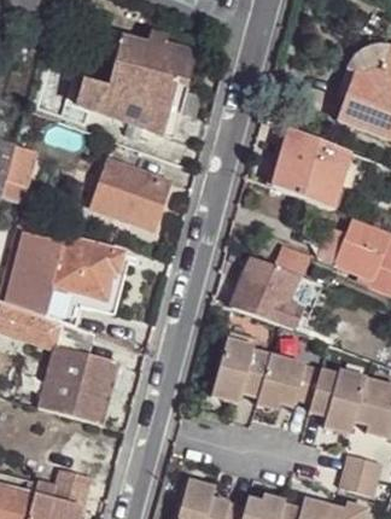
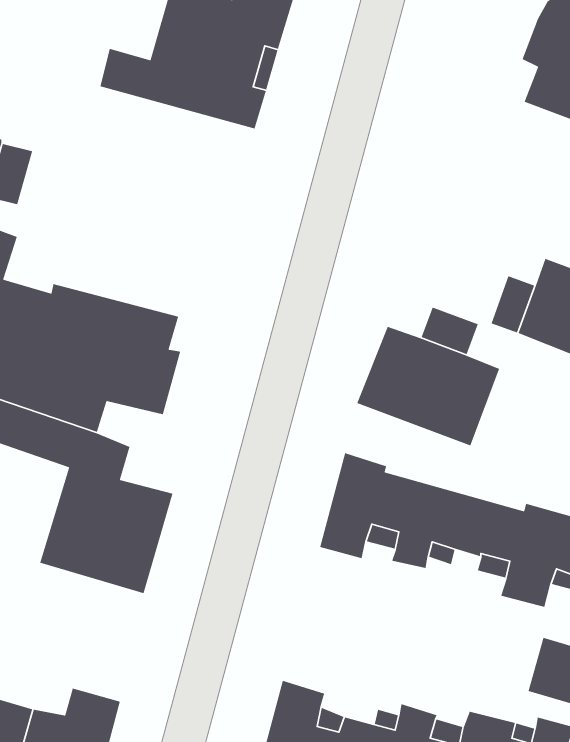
building: [269,126,352,210] -> none
building: [93,161,168,226] -> none

